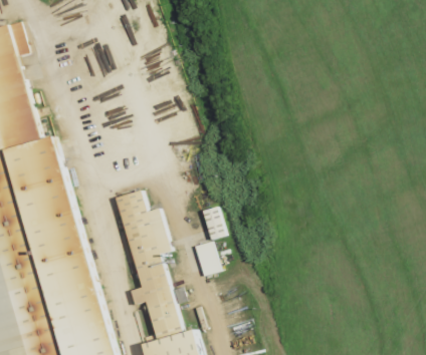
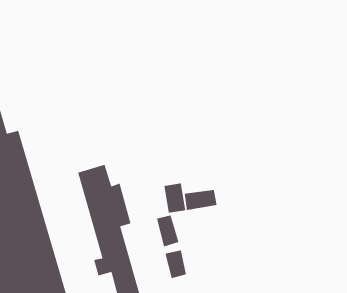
building: none -> [184,189,217,211]
building: none -> [164,249,187,279]

